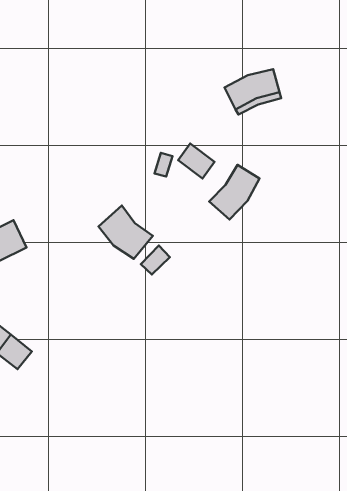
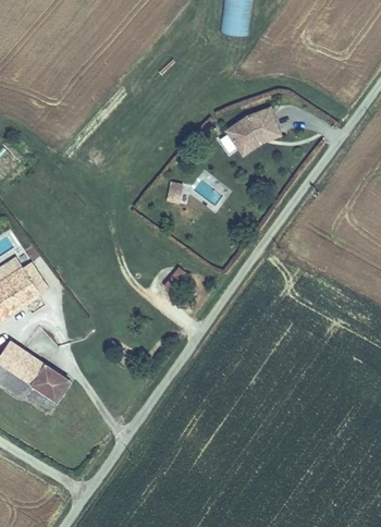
building: [209,165,260,220] -> none
building: [99,205,153,259] -> none

